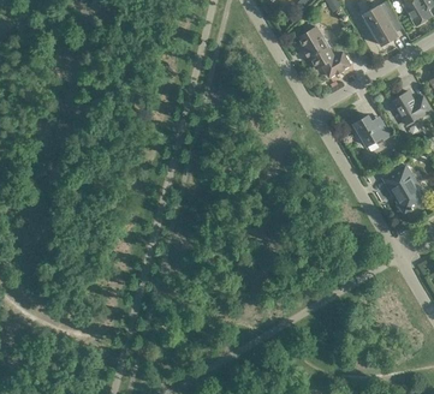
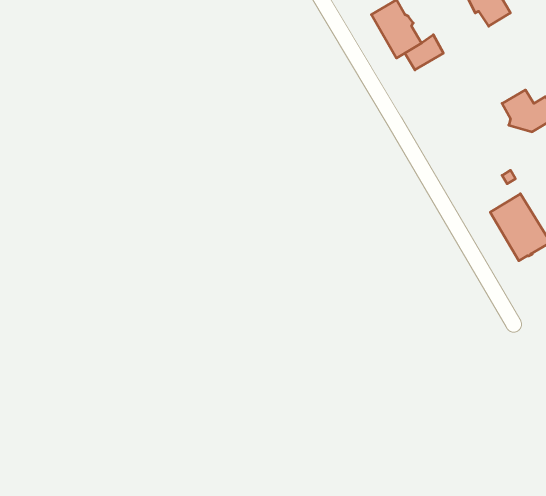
building: [352,115,388,147] -> none

